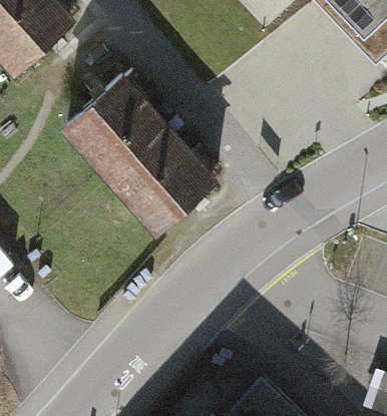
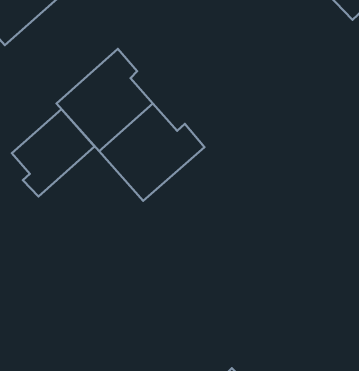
building: none -> [12,109,95,197]

